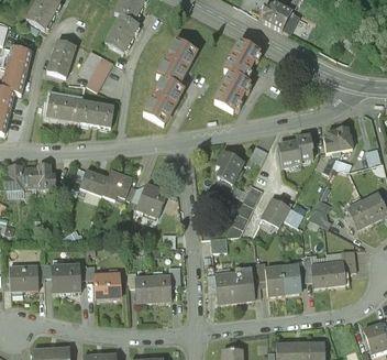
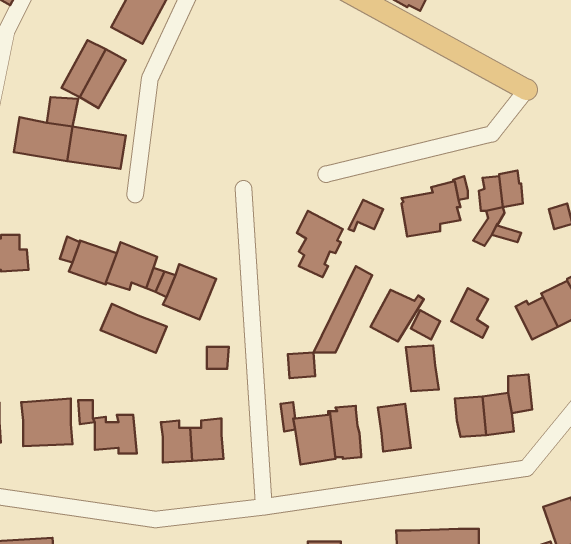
building: [46,37,76,76] -> none
building: [142,40,196,123] -> none
building: [214,40,257,110] -> none
building: none -> [100,304,167,353]
building: [280,265,300,293] -> [406,345,439,391]

